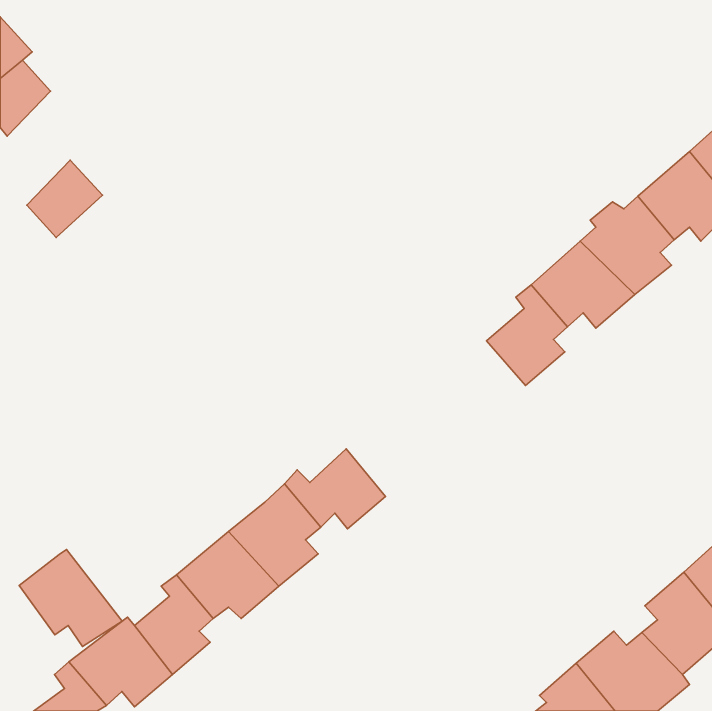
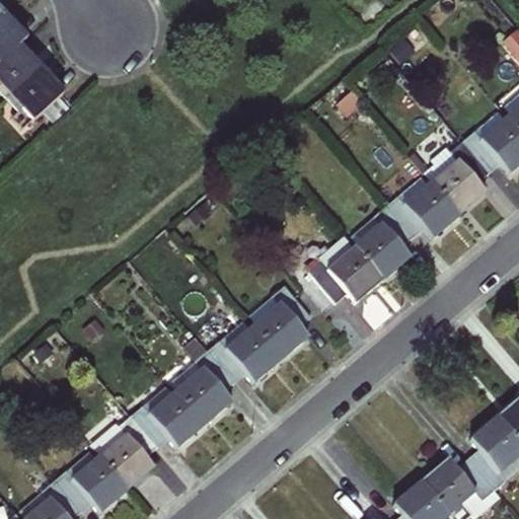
building: [27,160,102,237] -> [8,66,63,122]
building: none -> [309,234,383,301]
building: none -> [253,285,312,359]
building: [19,549,122,646] -> none

